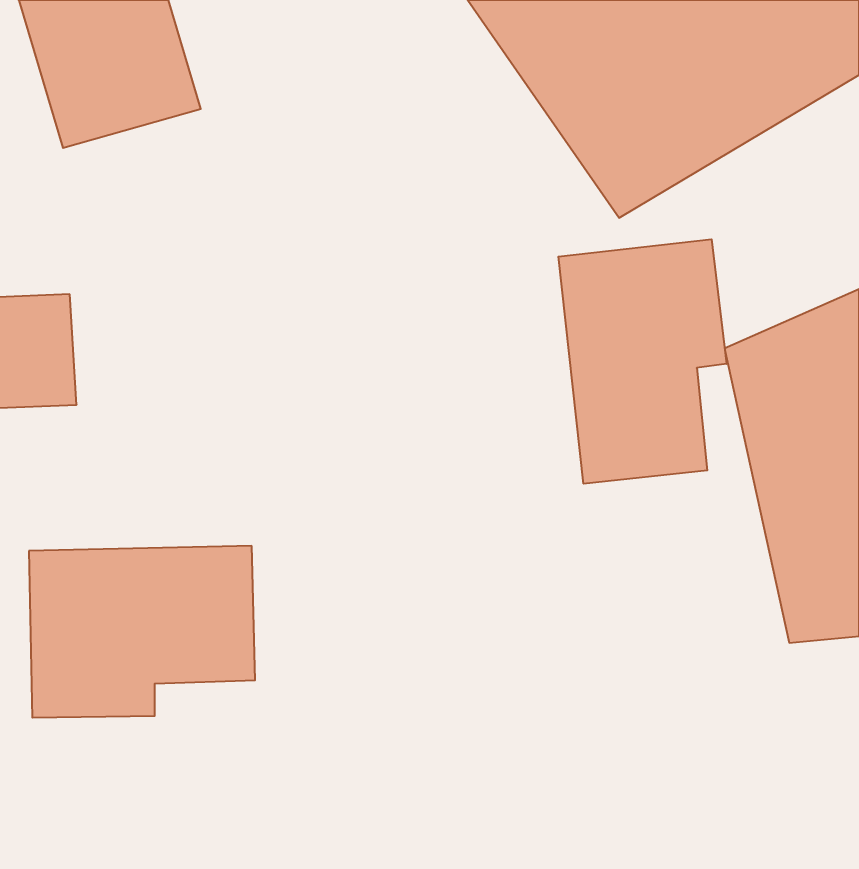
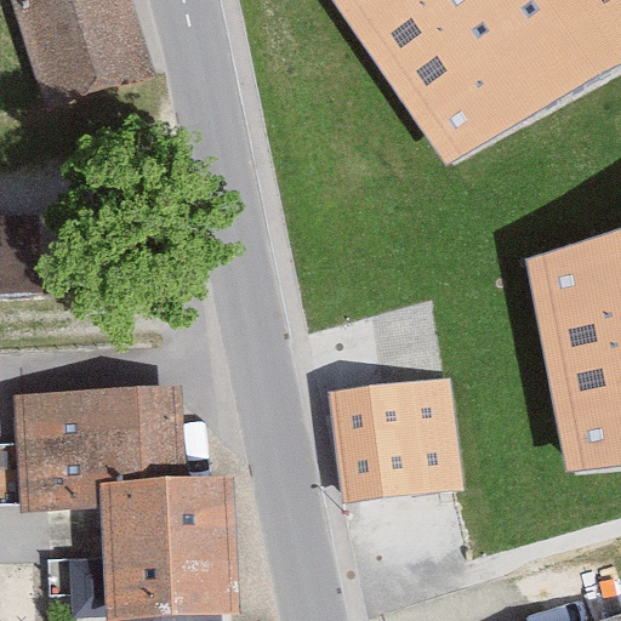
building: [558,239,726,484] -> none
building: none -> [341,380,463,501]
building: none -> [110,483,241,610]

